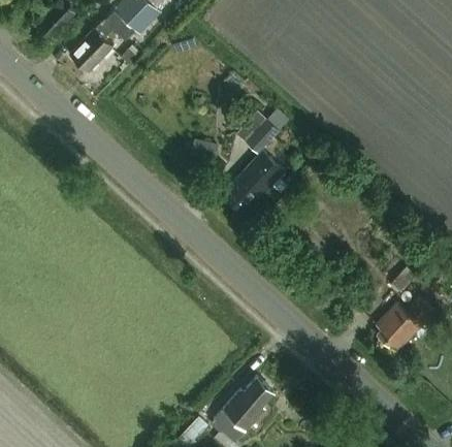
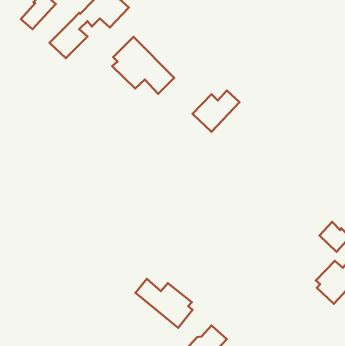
building: none -> [112,37,174,94]
building: [226,152,286,217] -> none
building: none -> [135,279,193,328]

